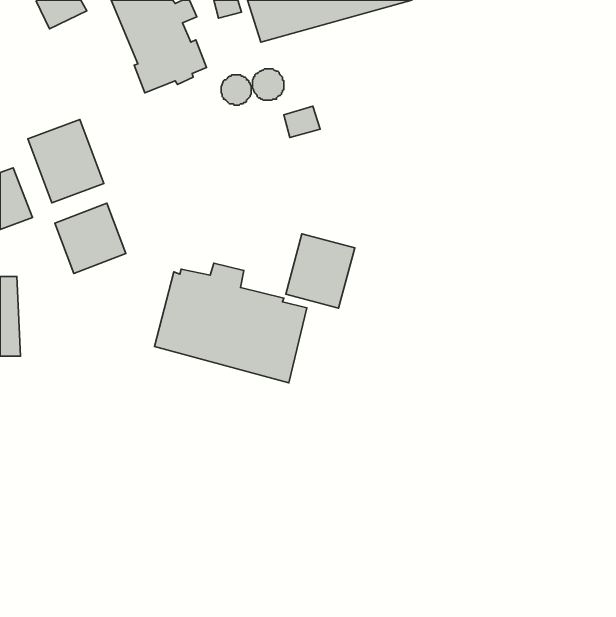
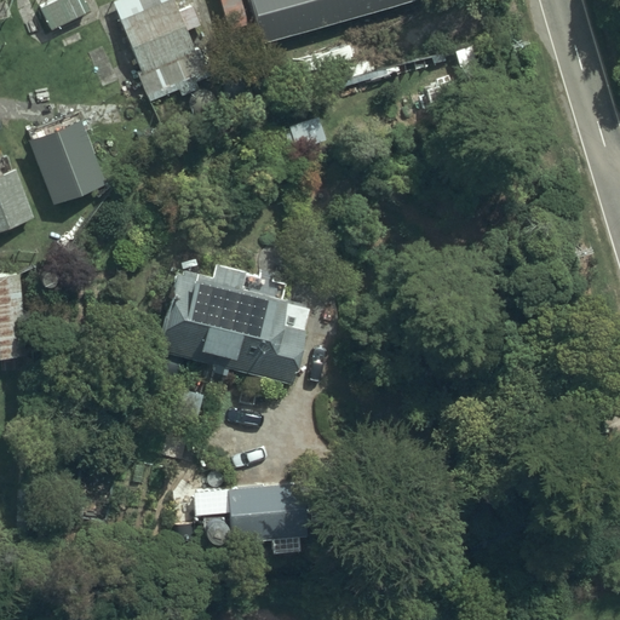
building: [55,203,126,273] -> none
building: [286,234,355,308] -> none
building: none -> [195,484,294,533]

